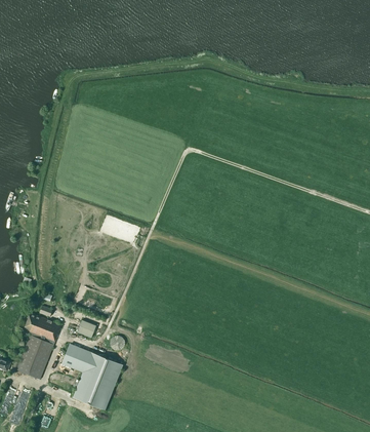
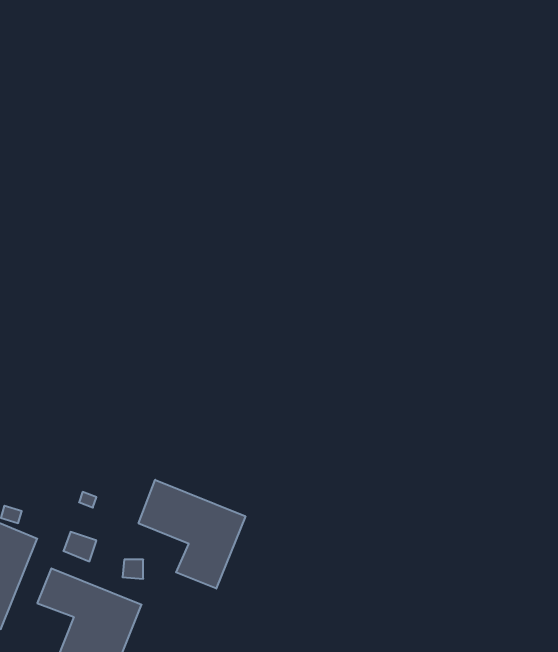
building: none -> [139,480,245,589]

